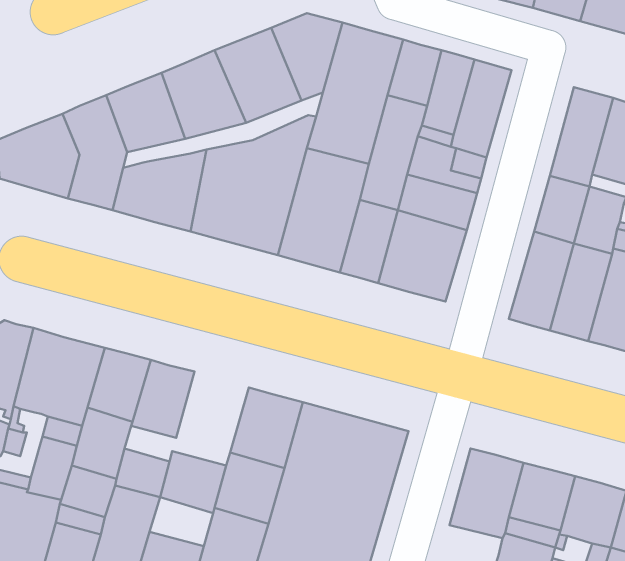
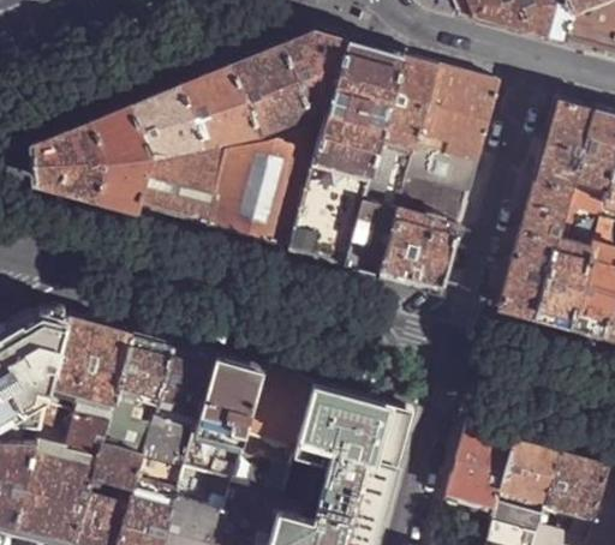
building: none -> [193,357,263,442]
building: none -> [173,471,231,515]

